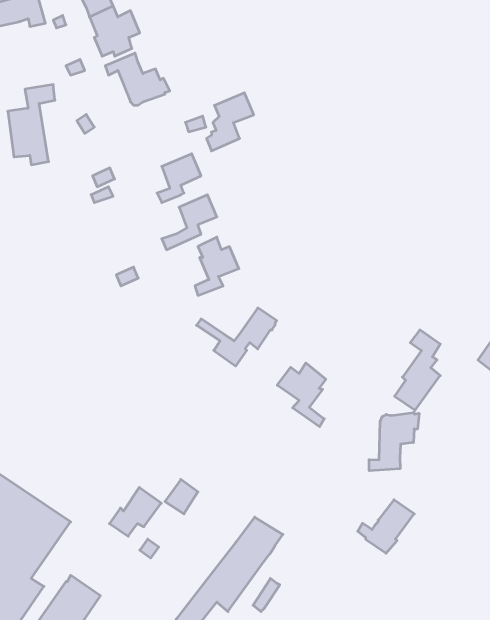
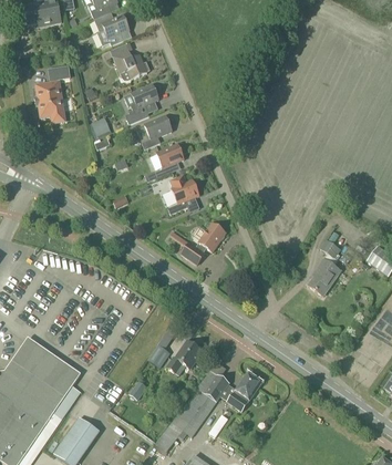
building: [207,93,254,151] -> [125,83,158,124]
building: [277,363,326,427] -> none
building: [369,412,419,471] -> none
building: [109,487,161,536] -> [165,340,202,374]
building: [358,500,414,553] -> [220,373,260,411]

